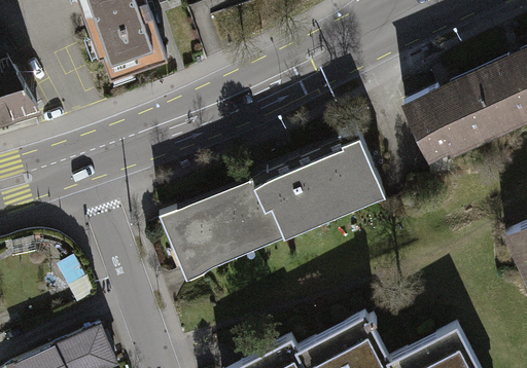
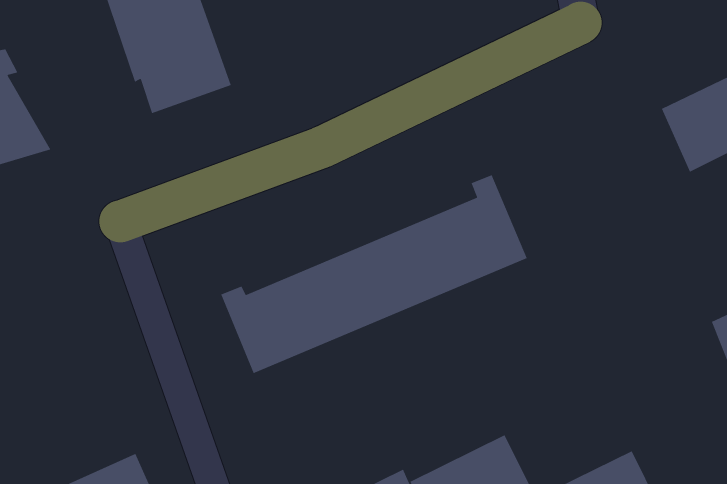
building: [402,81,498,159] -> none

